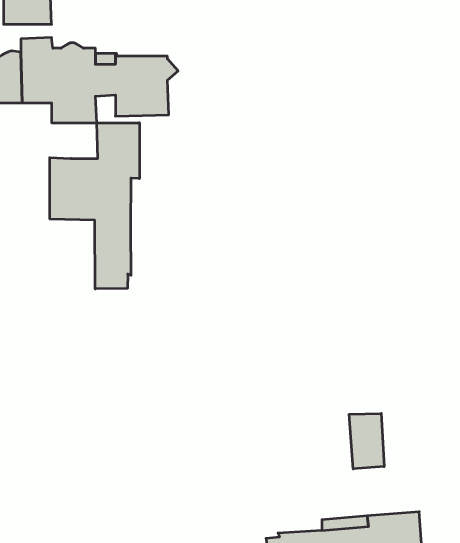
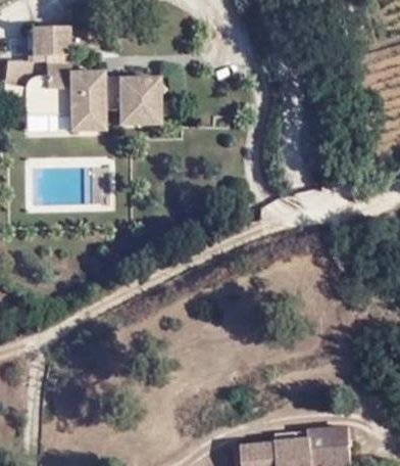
building: [50,123,139,289] -> none
building: [349,413,384,469] -> none

